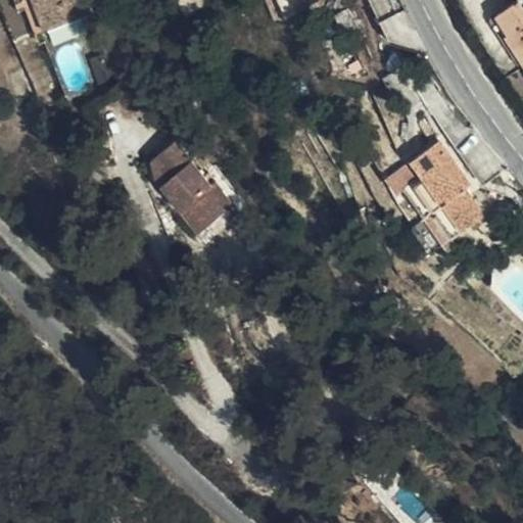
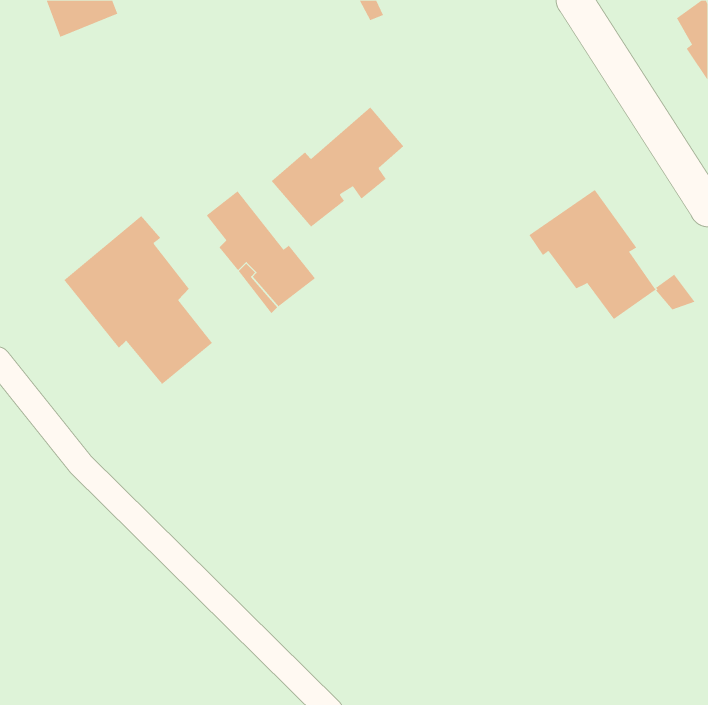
building: none -> [271,107,404,227]
building: none -> [64,215,213,385]

